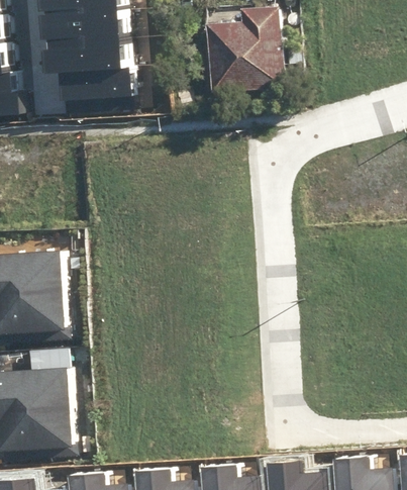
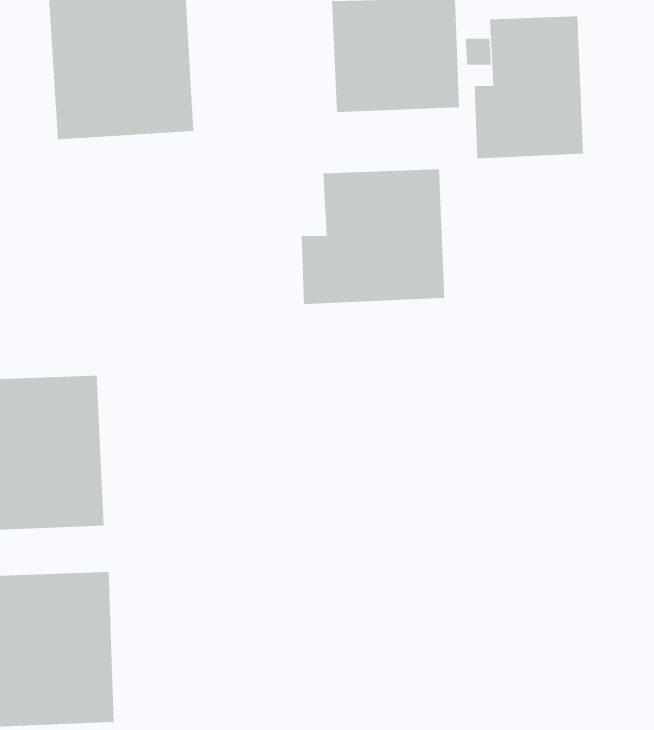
building: none -> [474,16,584,159]
building: none -> [301,169,445,305]

